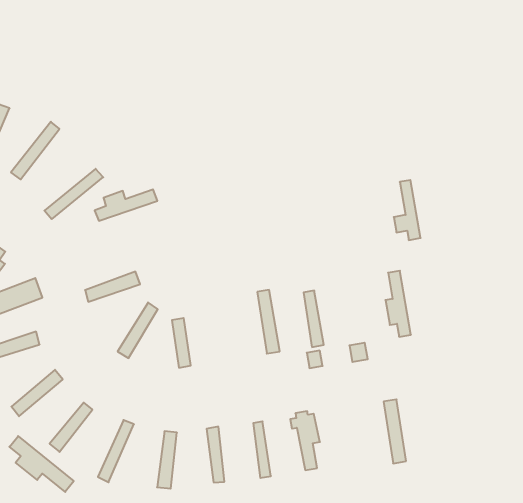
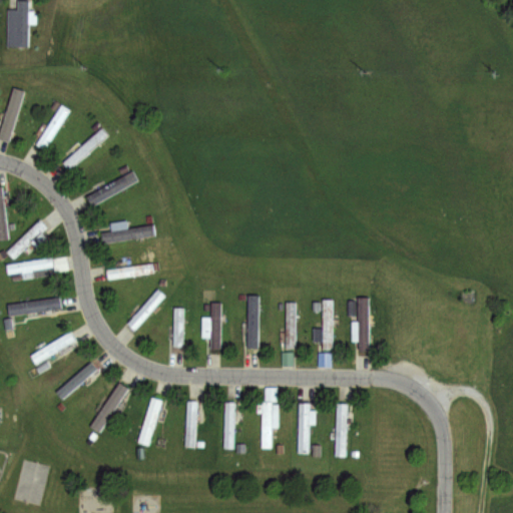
building: [394,180,421,240] -> [314,301,333,350]
building: [95,189,157,221] -> [101,221,154,242]
building: none -> [202,303,221,350]
building: none -> [298,404,317,455]
building: [9,436,74,492] -> none

